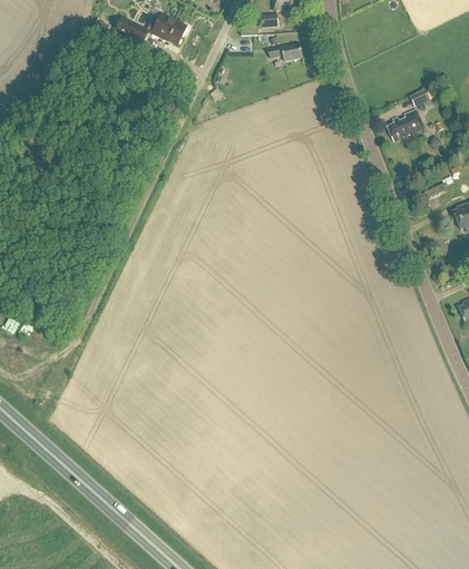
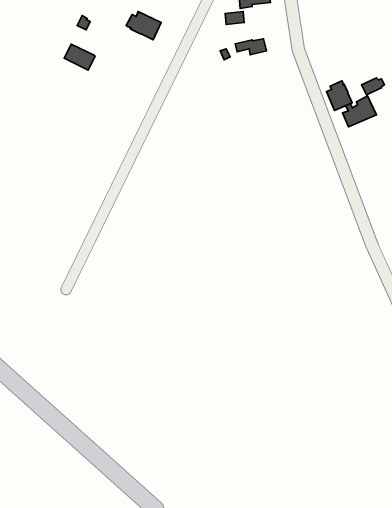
building: [113,17,147,46] -> [64,44,95,70]
building: none -> [326,81,352,110]

